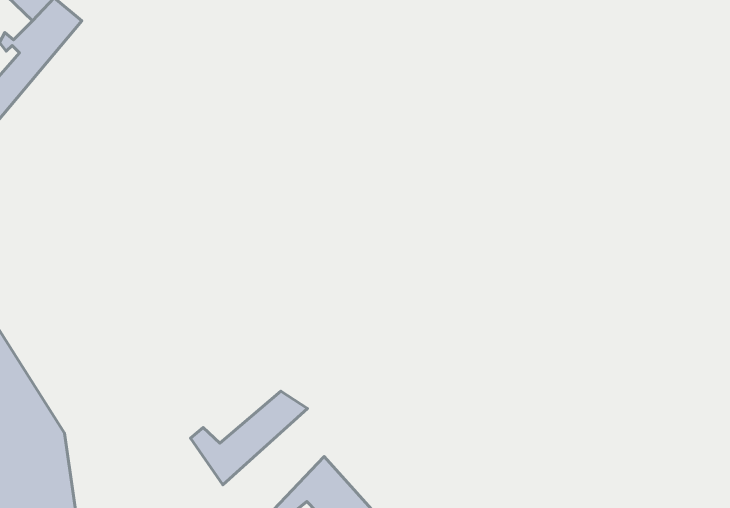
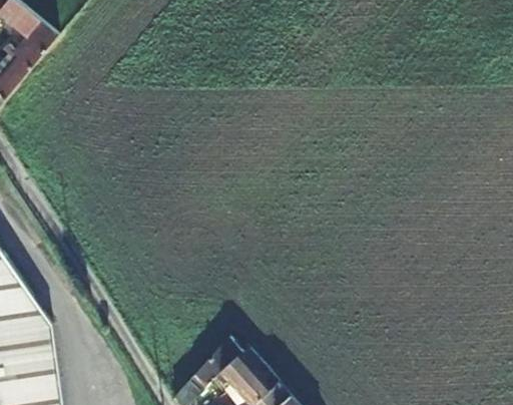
building: [190,391,308,485] -> none

